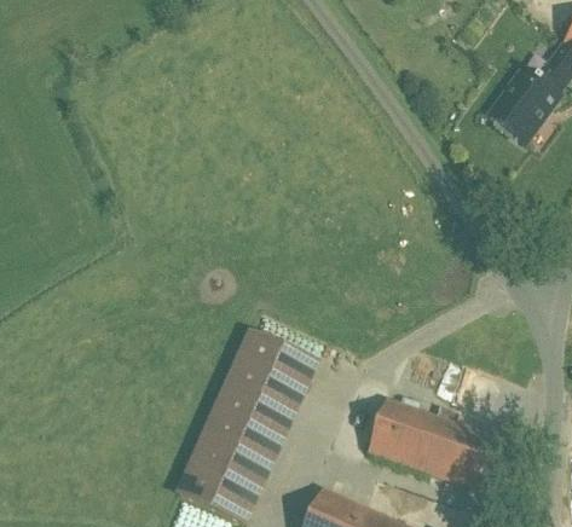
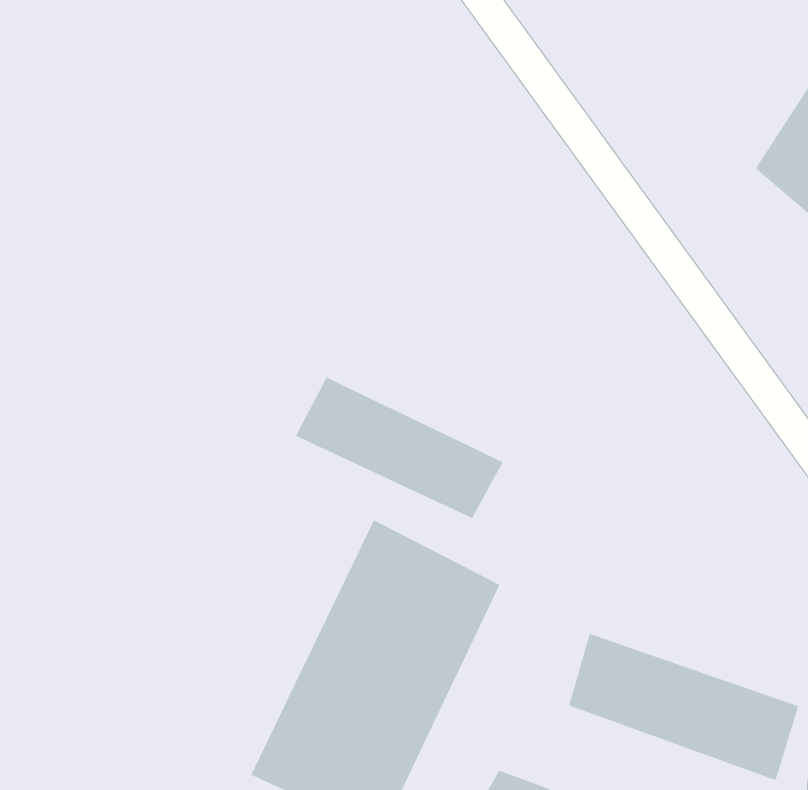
building: none -> [295,377,504,519]

